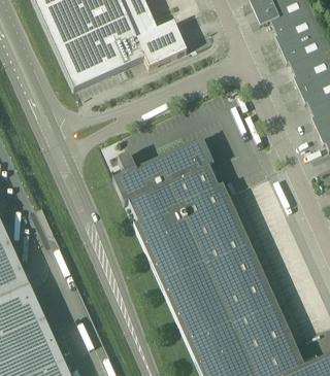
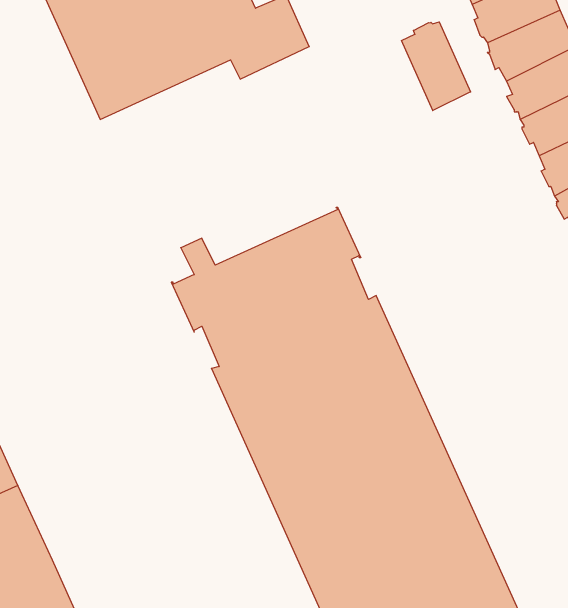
building: none -> [401,22,471,111]

